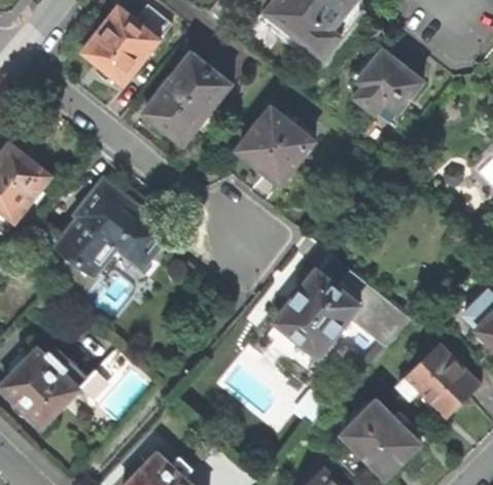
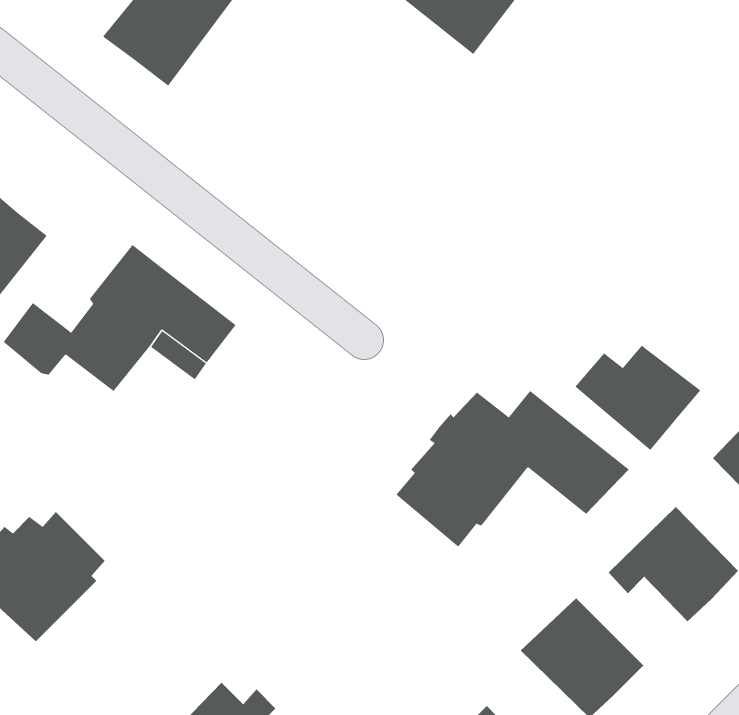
building: [142,51,232,144] -> none
building: [355,53,422,124] -> none
building: [239,109,312,183] -> none
building: none -> [575,345,701,451]

